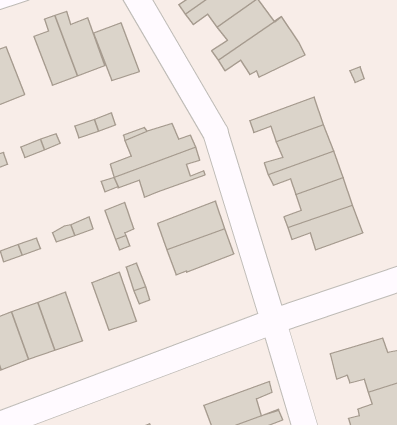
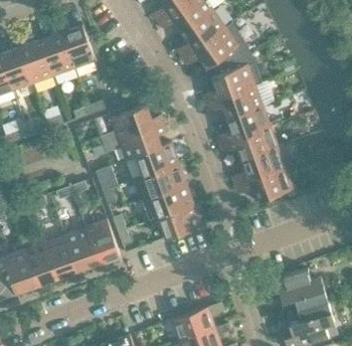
building: [93,23,139,81] -> [20,39,55,83]
building: none -> [203,53,255,104]
building: none -> [135,145,180,182]
building: none -> [158,205,202,239]
building: none -> [65,227,99,272]

